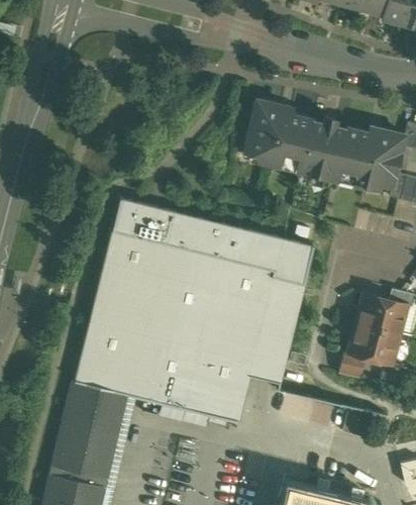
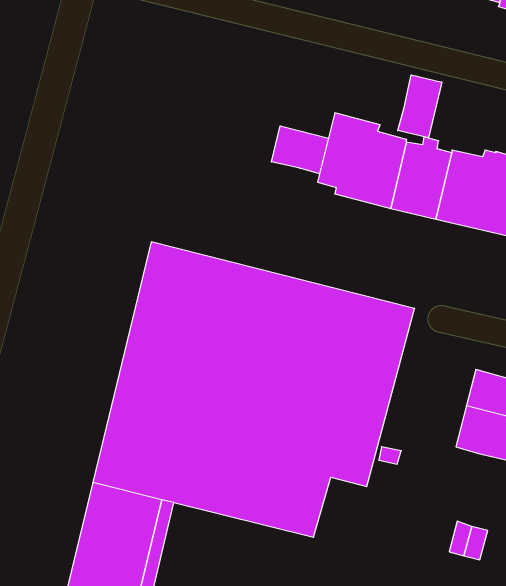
building: none -> [398,75,442,138]
building: none -> [271,126,328,174]
building: [338,351,366,379] -> none

